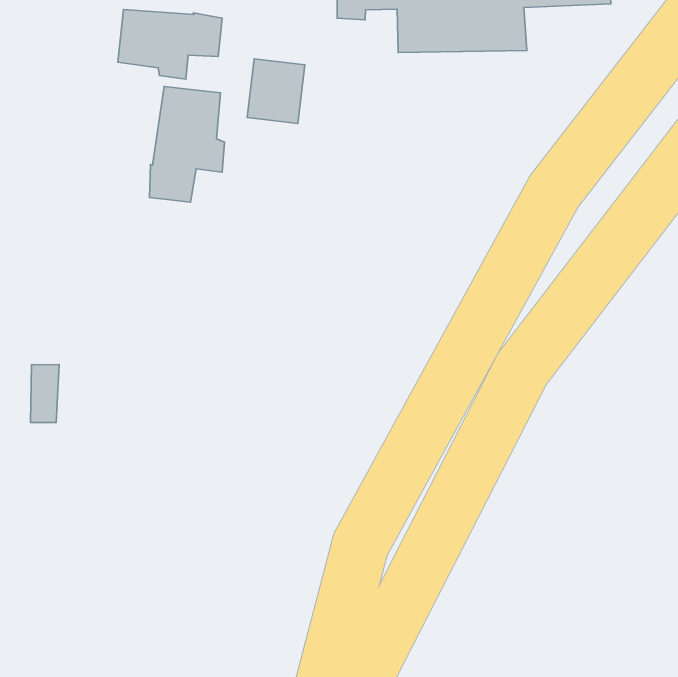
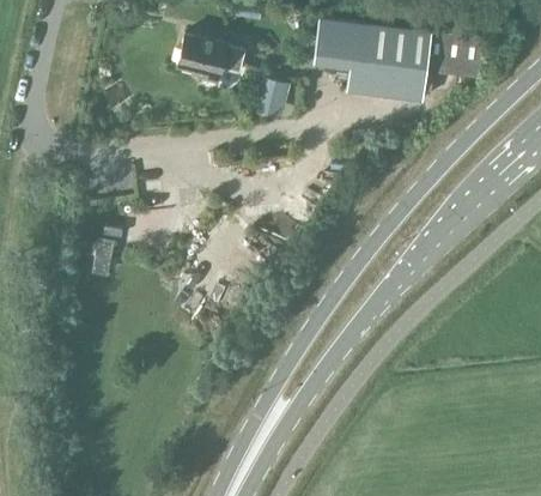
building: [149,87,224,202] -> none

